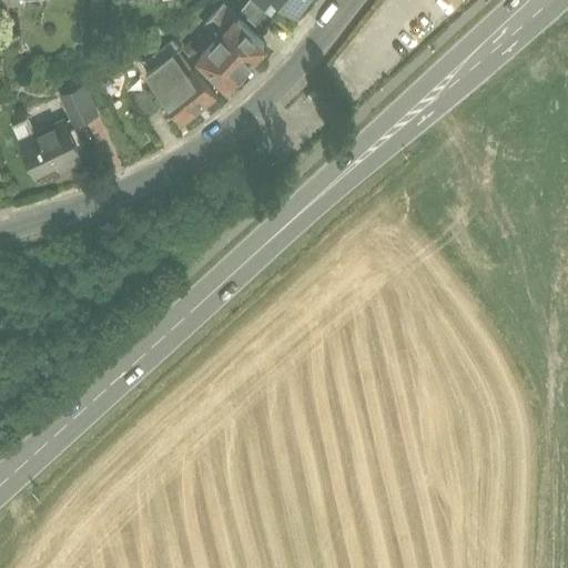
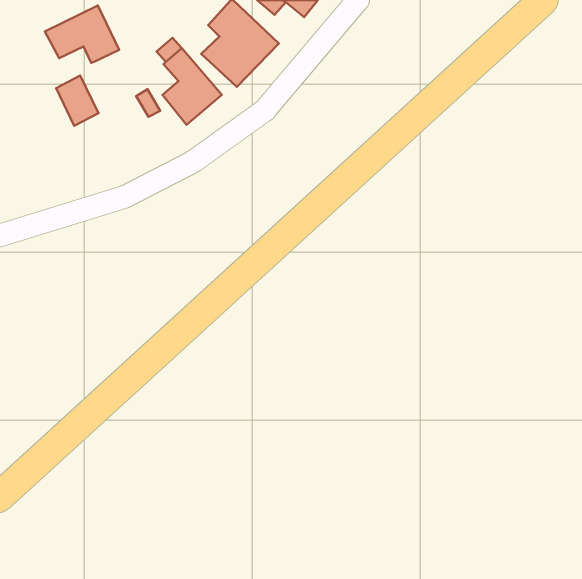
building: none -> [45,6,119,63]
building: [17,116,85,178] -> none

